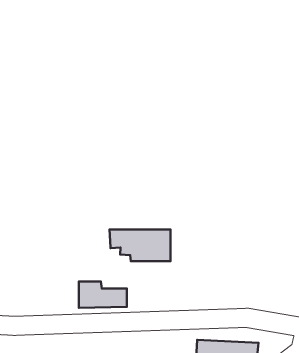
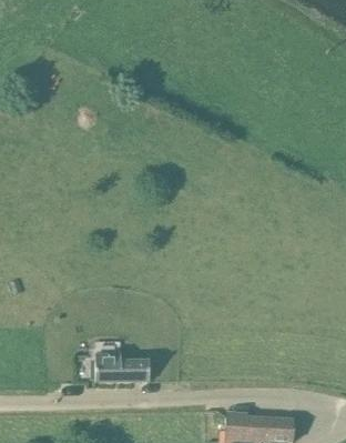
building: [109,229,171,261] -> none

